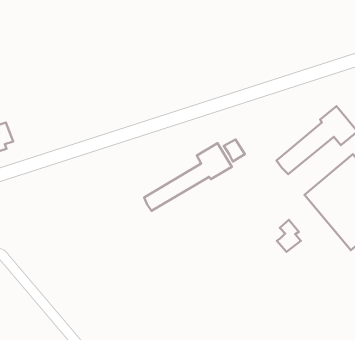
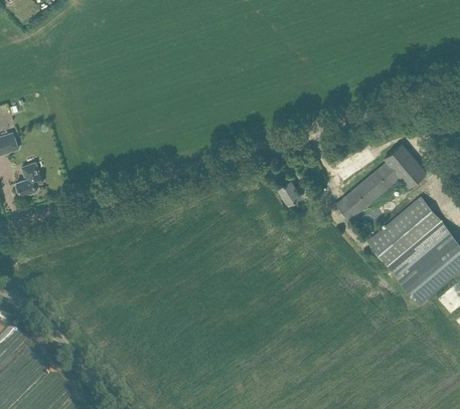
building: [144,143,232,211] -> none
building: [277,220,301,252] -> none

